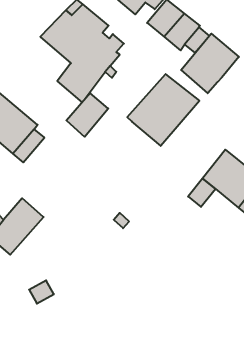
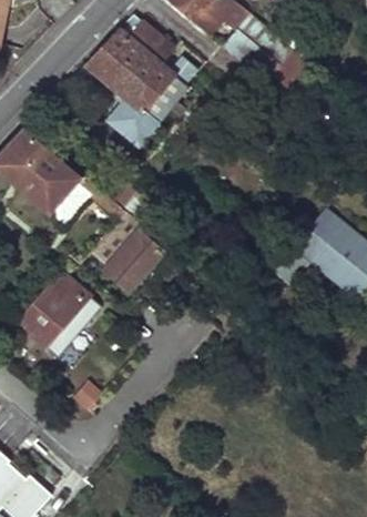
building: [181,34,239,93] -> none
building: [127,74,199,146] -> none
building: [66,93,108,137] -> [109,231,163,287]

